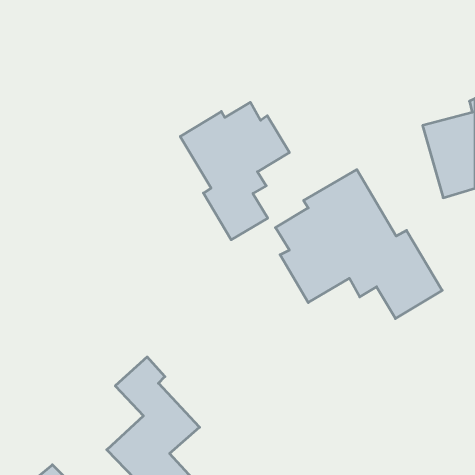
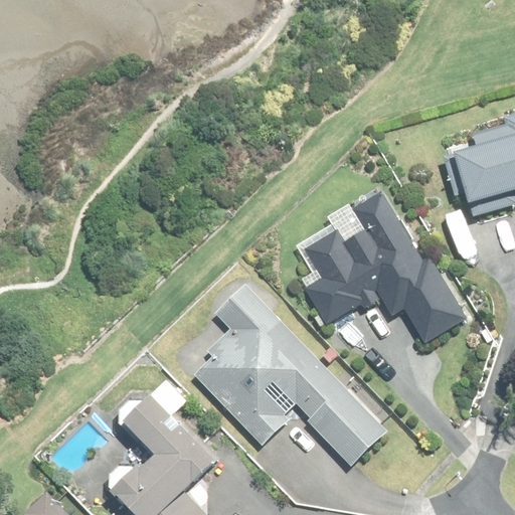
building: [180,102,289,240] -> none
building: none -> [191,283,387,469]

